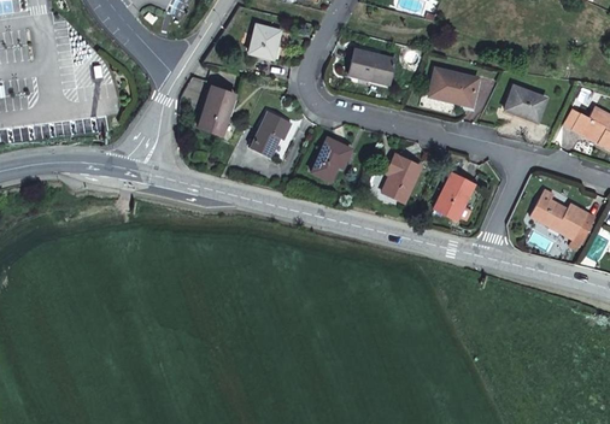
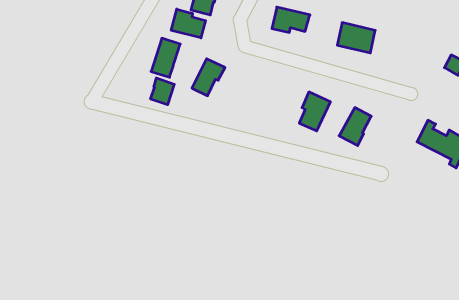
building: none -> [171,9,206,38]
building: [504,86,545,120] -> none
building: none -> [151,78,174,105]
building: [312,139,351,182] -> none

